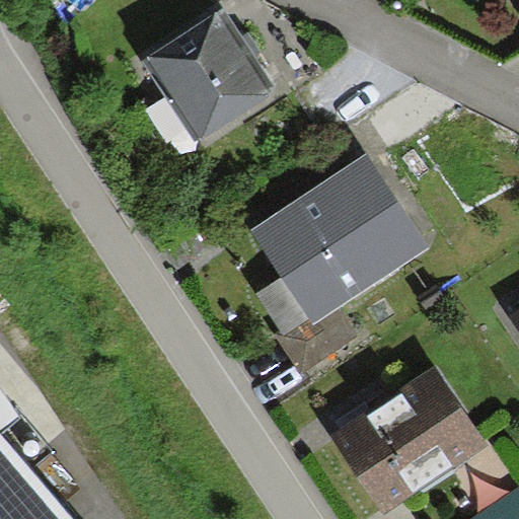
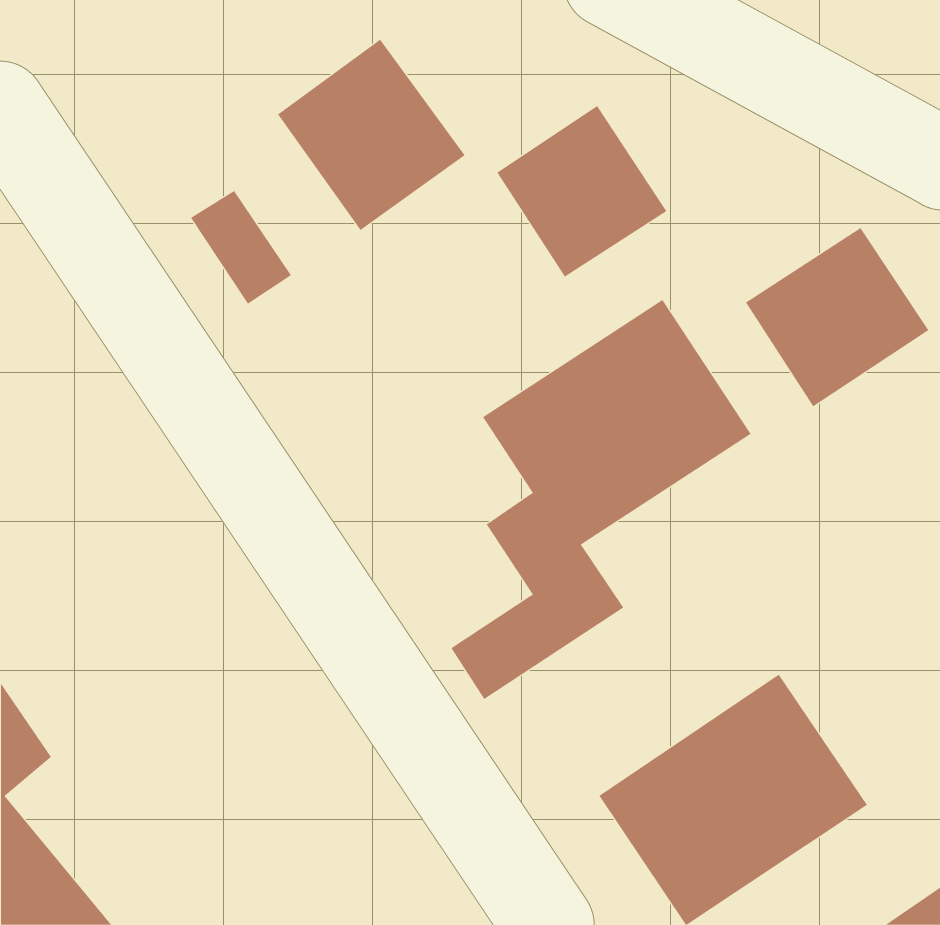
building: none -> [497,105,667,278]
building: none -> [745,227,929,407]

